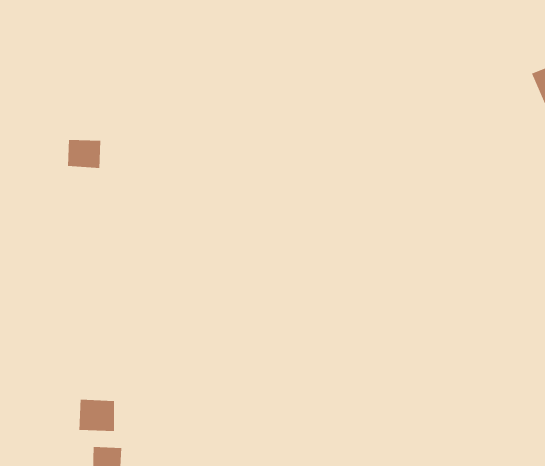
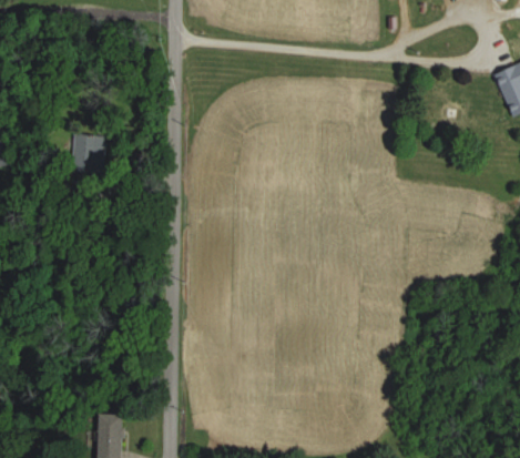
building: [79,399,114,432] -> none

